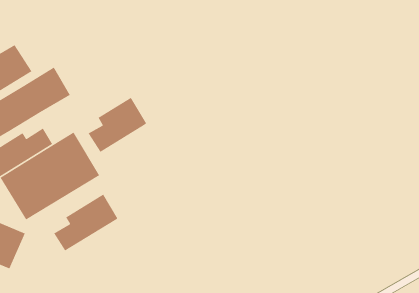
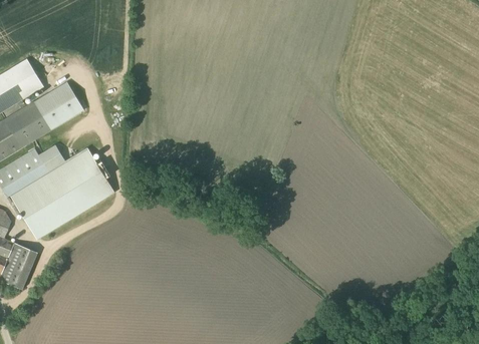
building: [88,97,147,153] -> none
building: [53,194,118,252] -> none

